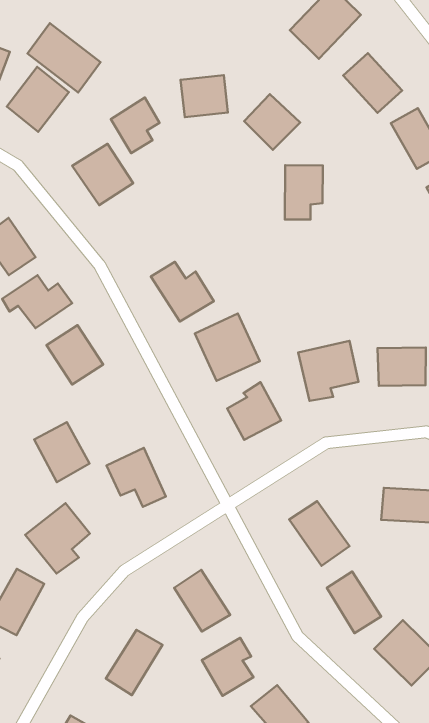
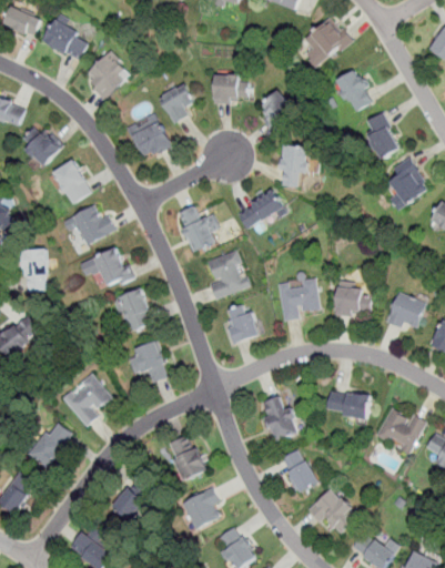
building: [27,23,101,93] -> none
building: none -> [239,189,284,232]
building: [34,422,90,482] -> [114,290,153,333]

